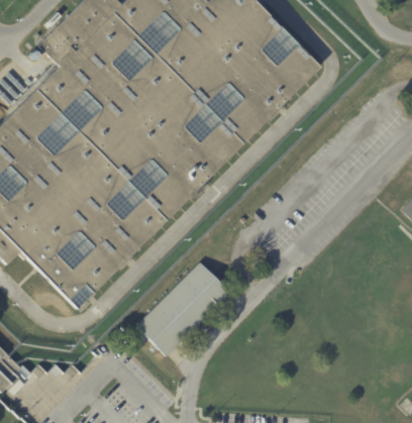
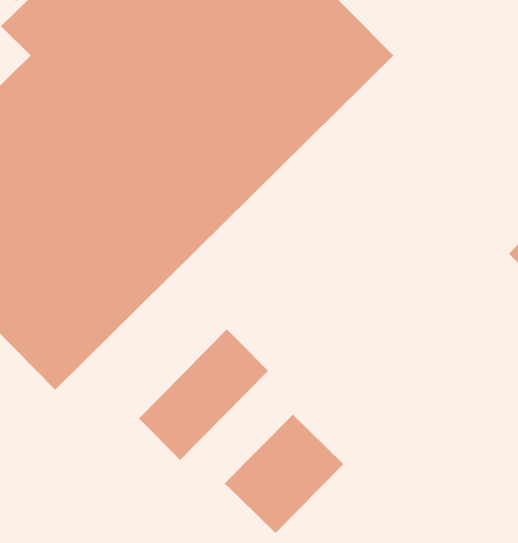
building: none -> [224,414,344,534]

